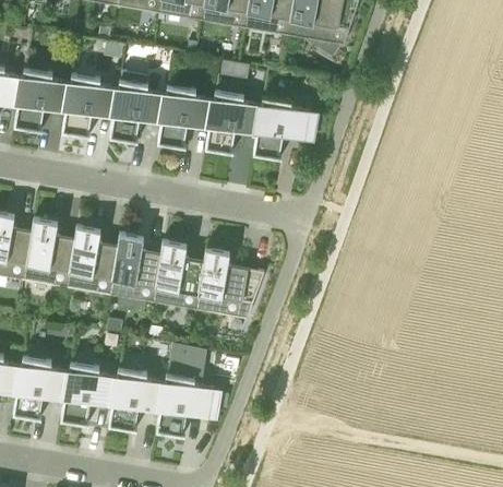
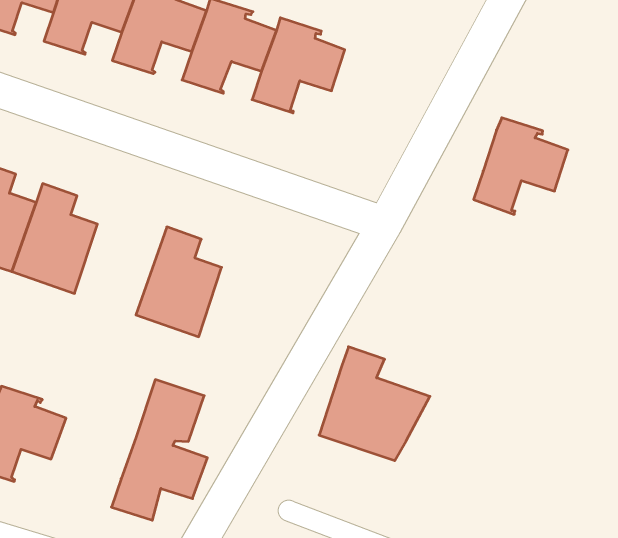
building: [253,95,310,157] -> [474,118,568,214]
building: [109,231,160,300] -> none
building: [195,247,264,317] -> [319,347,430,461]
building: [108,367,165,428] -> none

